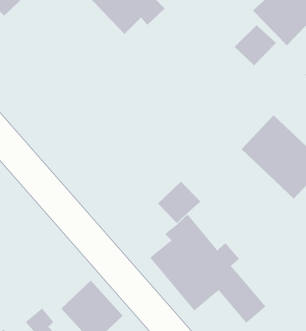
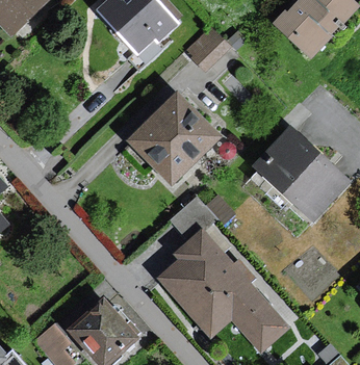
building: [234,24,277,66] -> [187,30,231,73]
building: none -> [137,104,213,179]

